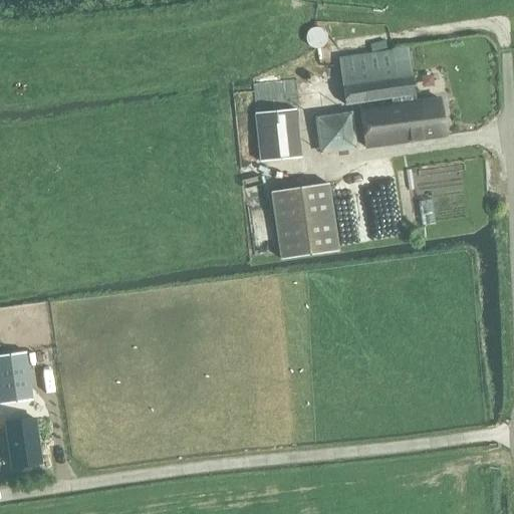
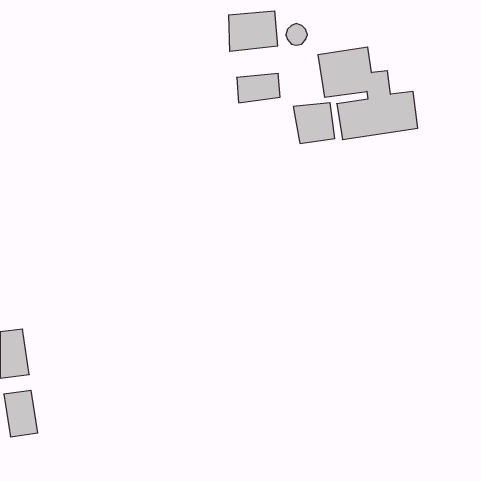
building: none -> [229,11,278,51]
building: [255,108,304,162] -> none
building: [270,182,339,257] -> none

